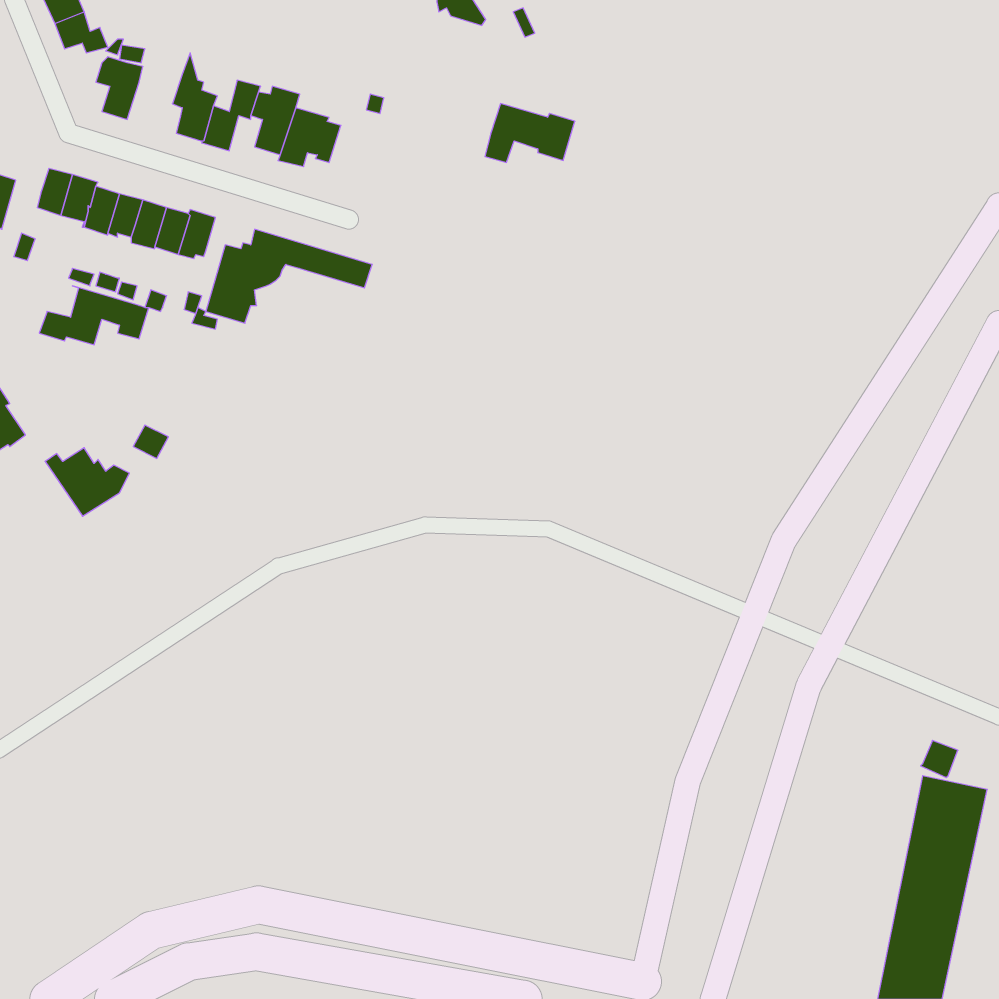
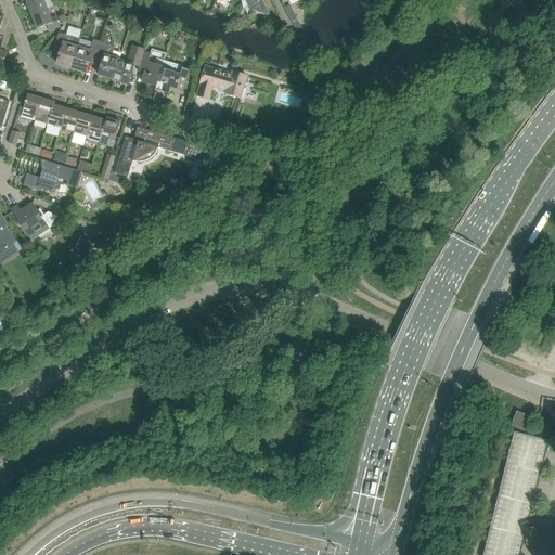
building: none -> [70,39,101,70]
building: [485,104,575,162] -> [196,65,246,98]
building: [45,448,129,516] -> [10,201,56,238]

